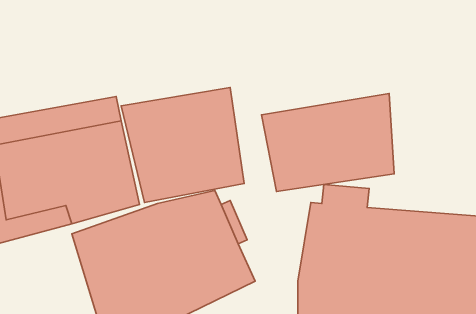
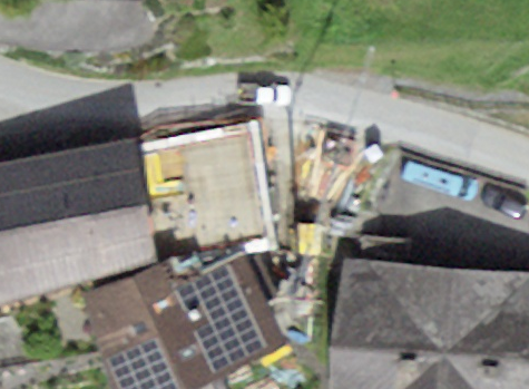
building: [261,93,394,191] -> none

